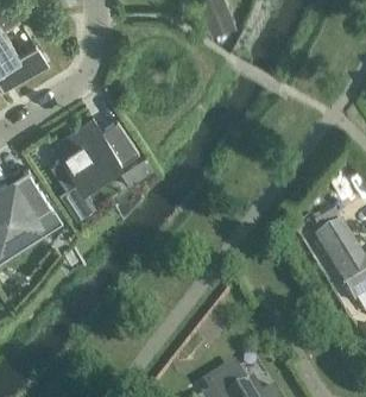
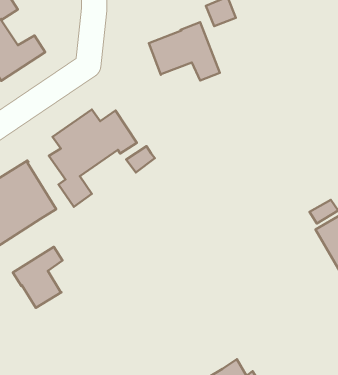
building: none -> [149,22,220,81]
building: none -> [13,247,62,308]

